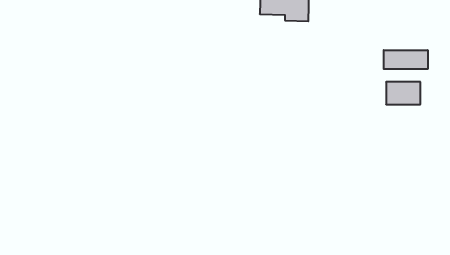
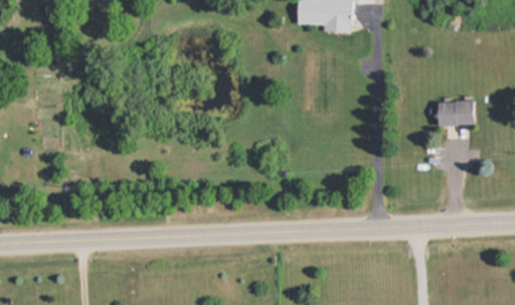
building: [384,50,428,69] -> none

